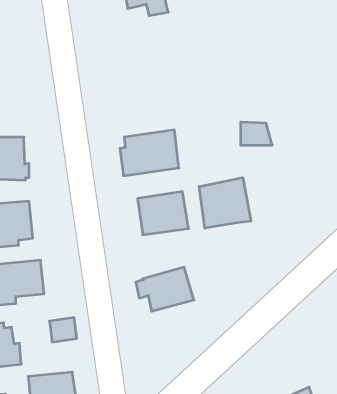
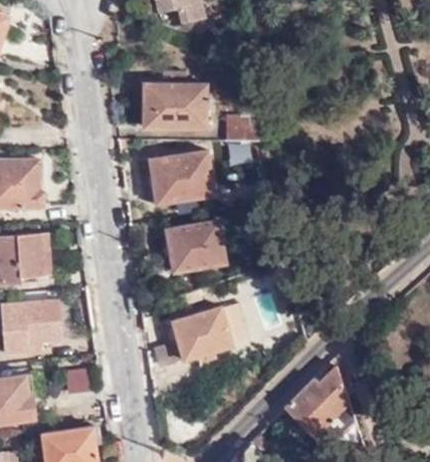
building: none -> [144,86,206,128]
building: [241,122,272,145] -> [224,117,260,143]
building: [199,178,251,228] -> none
building: none -> [284,366,355,446]

